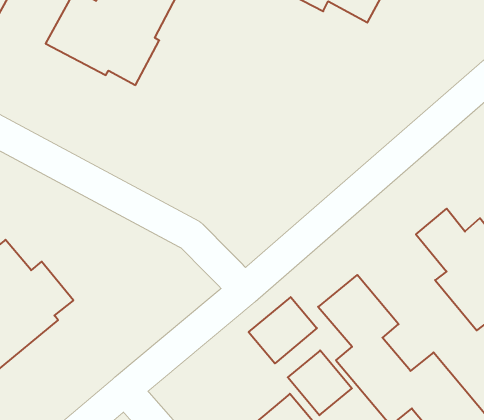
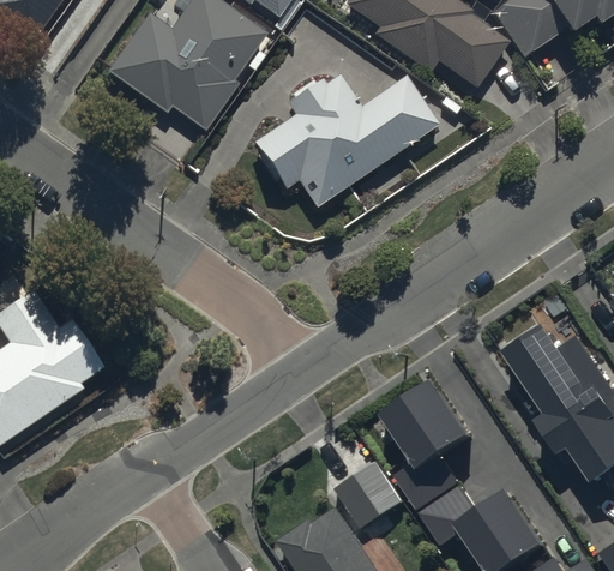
building: none -> [254,68,435,206]
building: [249,297,317,363] -> none

